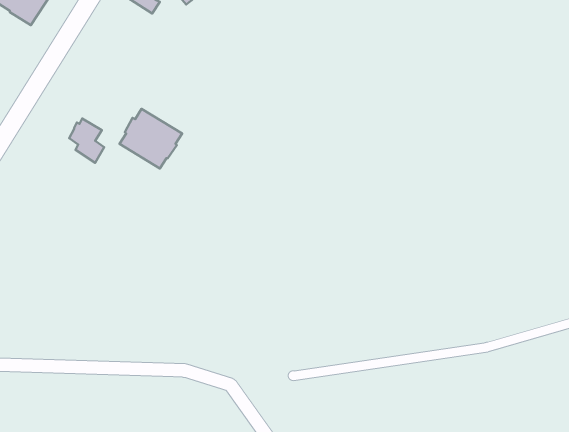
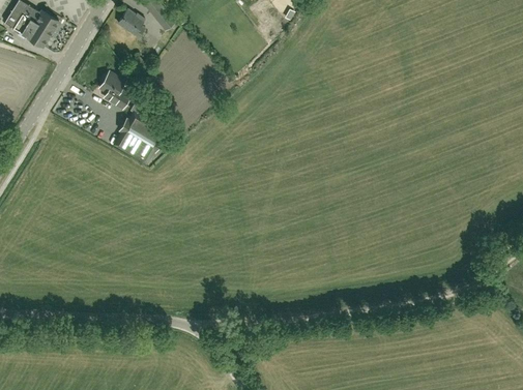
building: [69,119,104,163] -> [99,71,127,107]

